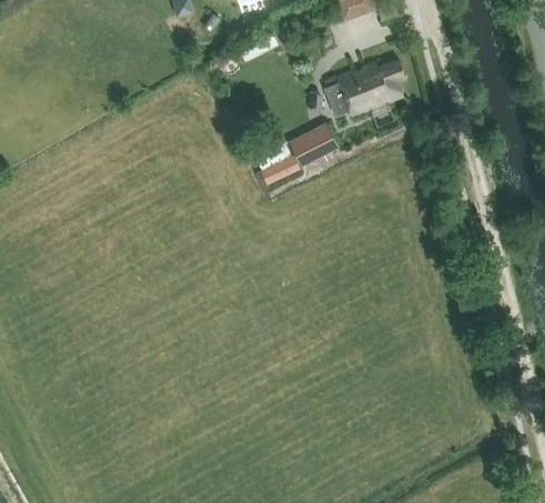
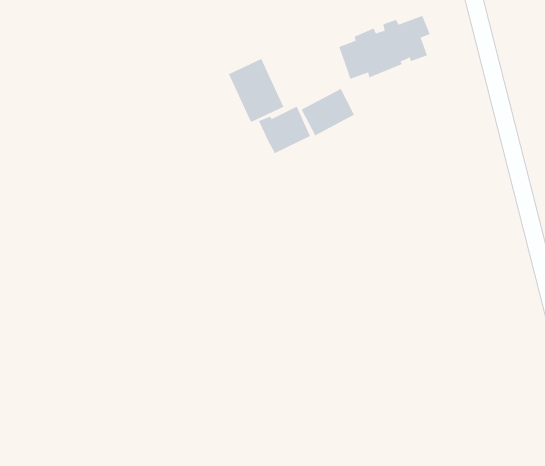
building: none -> [228,58,284,123]

